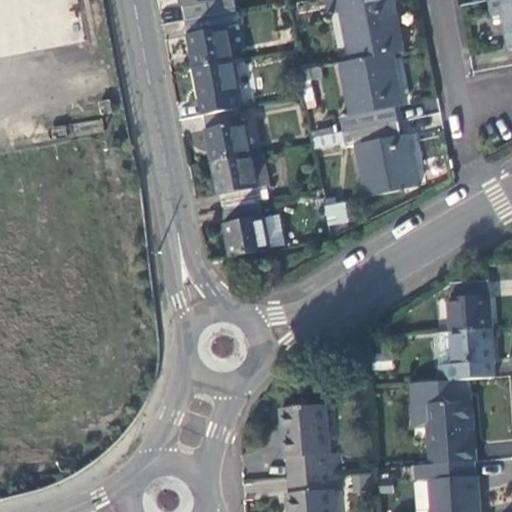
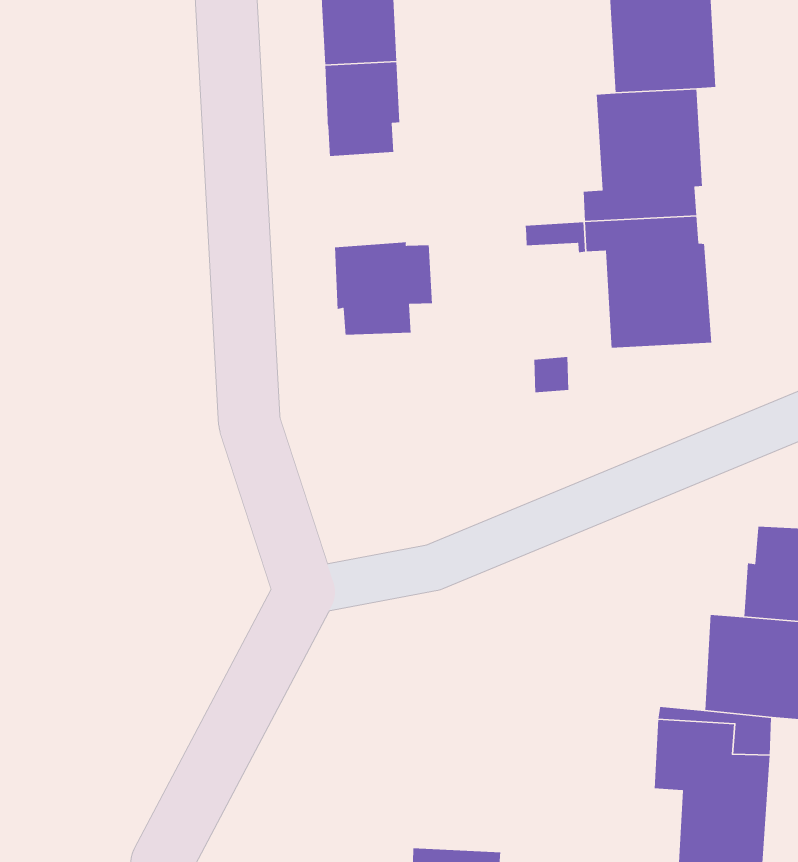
building: [201,109,248,163] -> none
building: [222,203,266,258] -> none
building: [284,403,341,474] -> none

